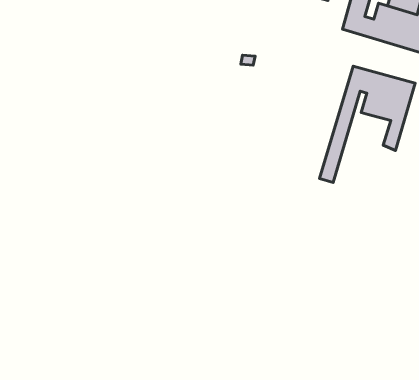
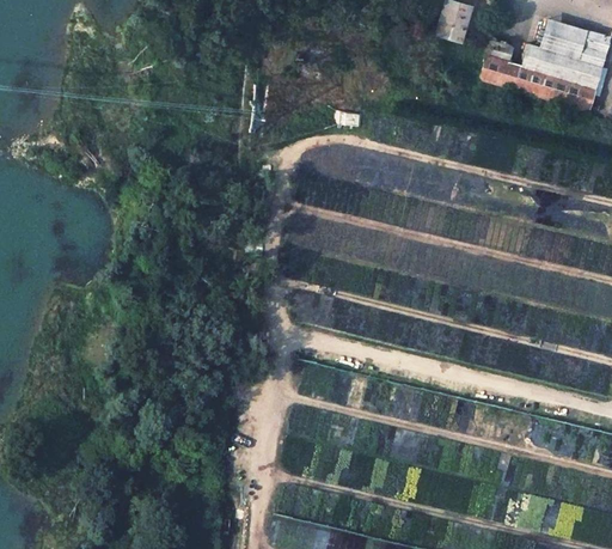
building: [320,66,415,182] -> none

